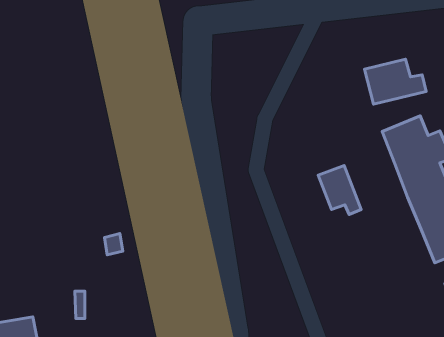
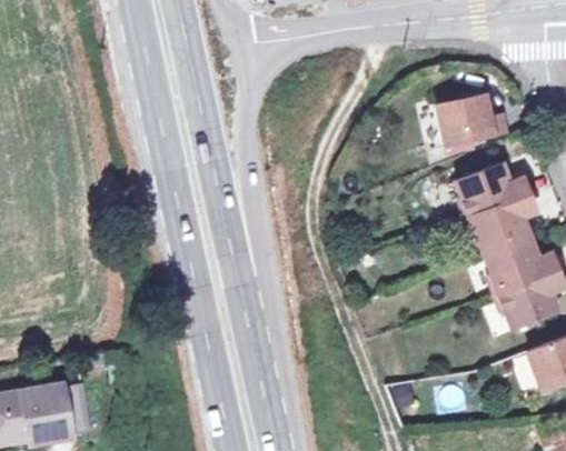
building: [318,165,361,214] -> none

